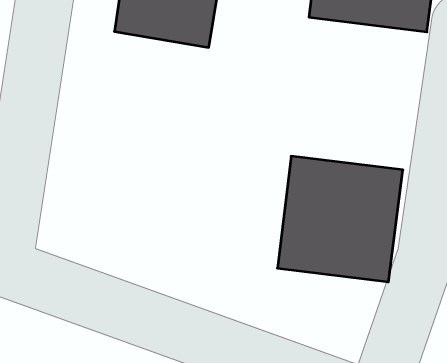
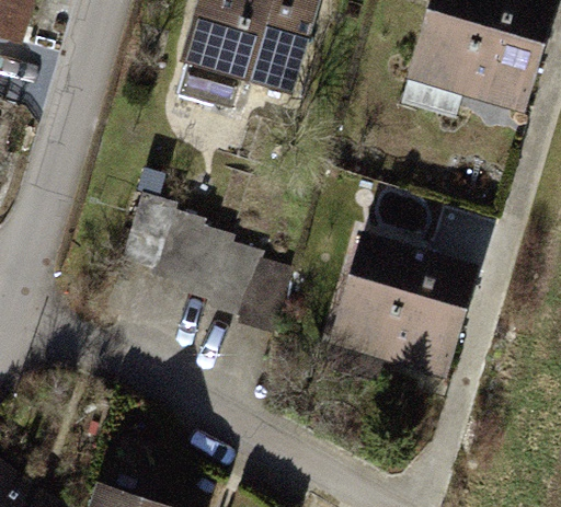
building: none -> [129,194,293,333]

